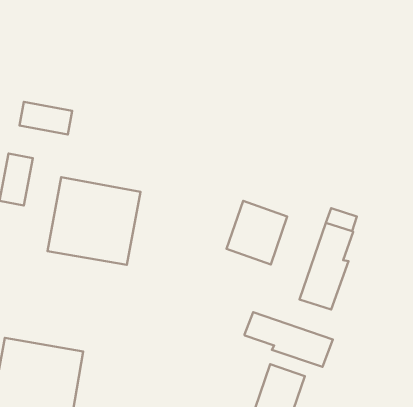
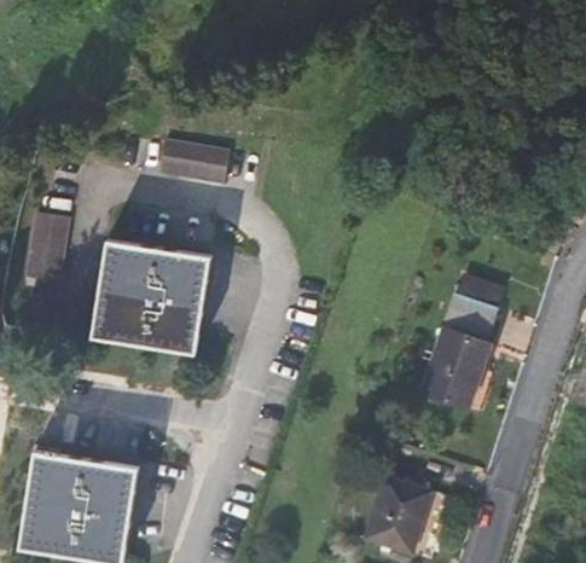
building: [19,102,72,135] -> [163,140,233,184]
building: [227,201,287,264] -> none
building: [244,312,333,367] -> none

